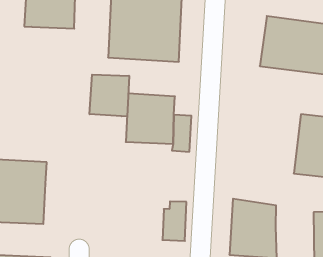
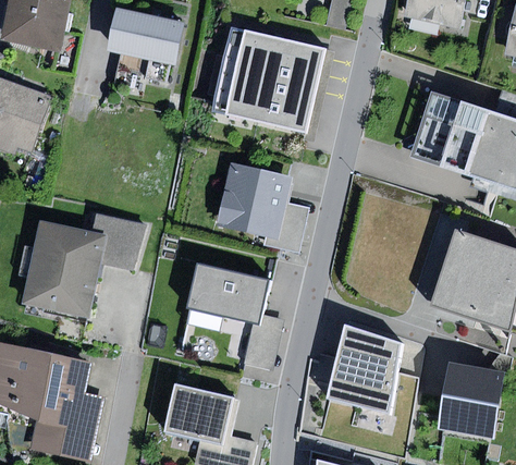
building: [90,75,129,117] -> none
building: none -> [100,217,146,271]
building: none -> [186,262,269,323]

